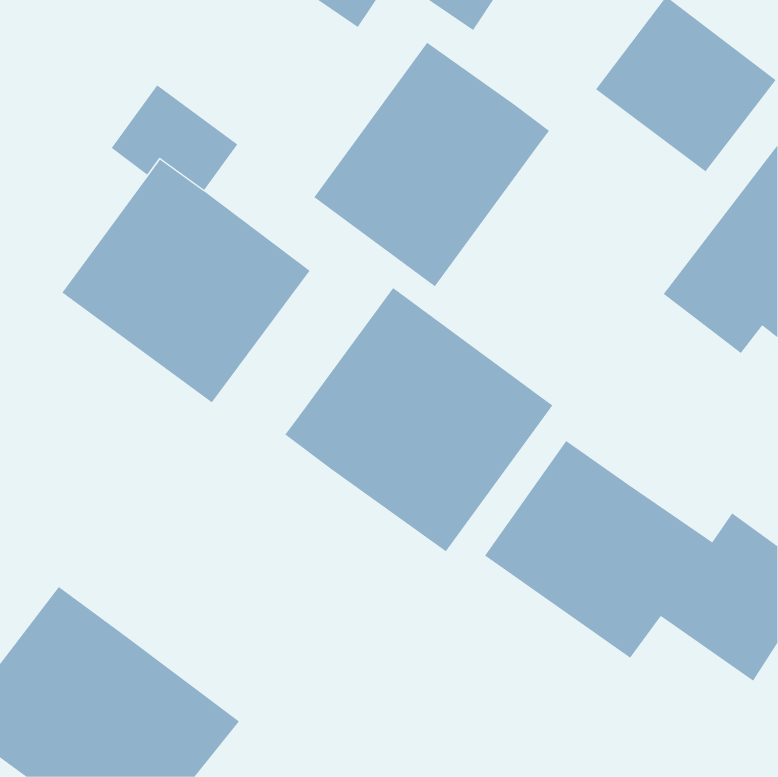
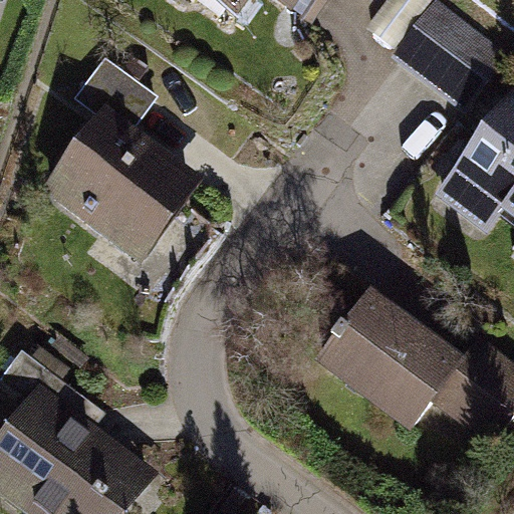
building: [313,42,550,287] -> none
building: [285,287,553,552] -> none

